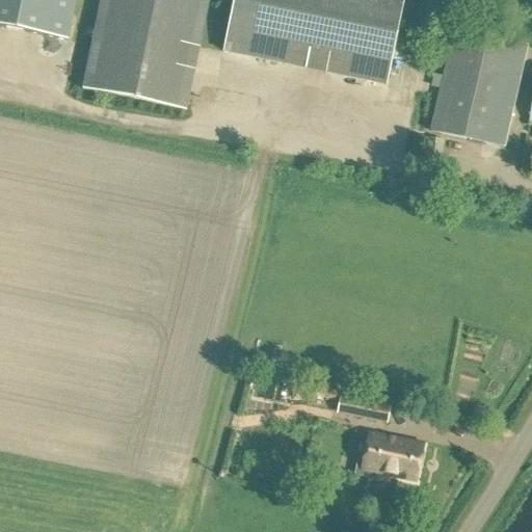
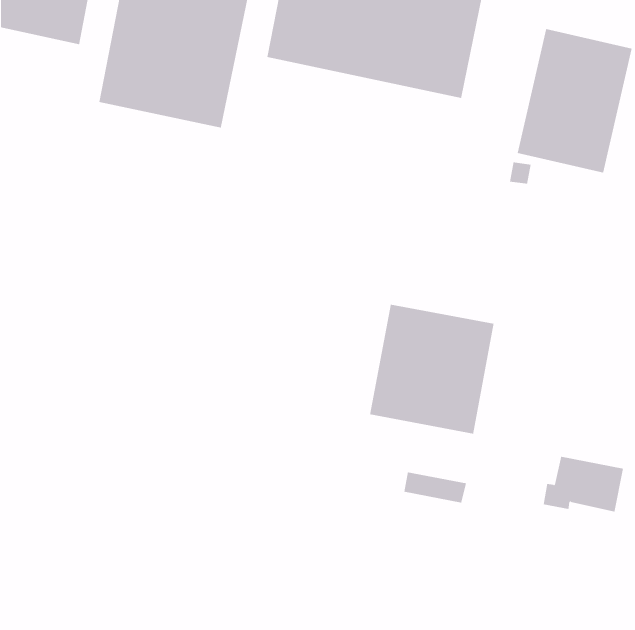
building: none -> [370,304,494,434]
building: [355,431,423,478] -> [543,456,624,512]

